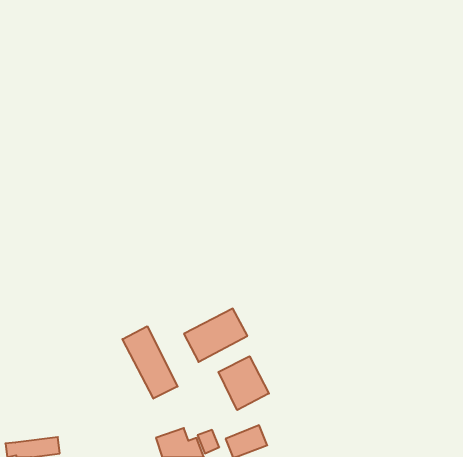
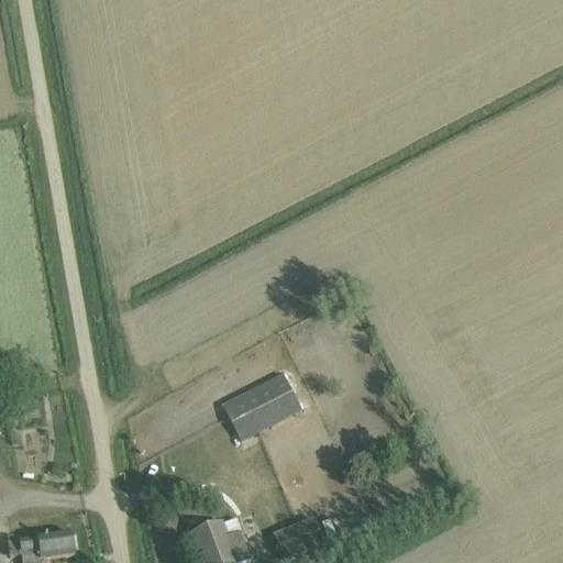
building: [122,326,178,399] -> none
building: [218,356,269,410] -> none

